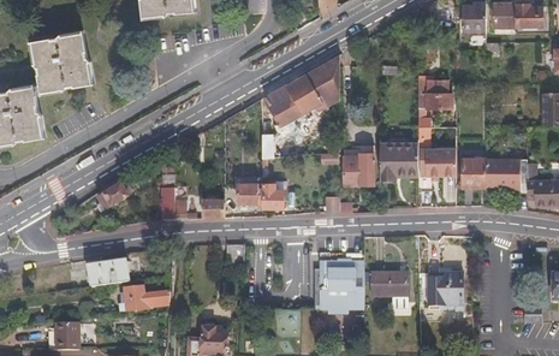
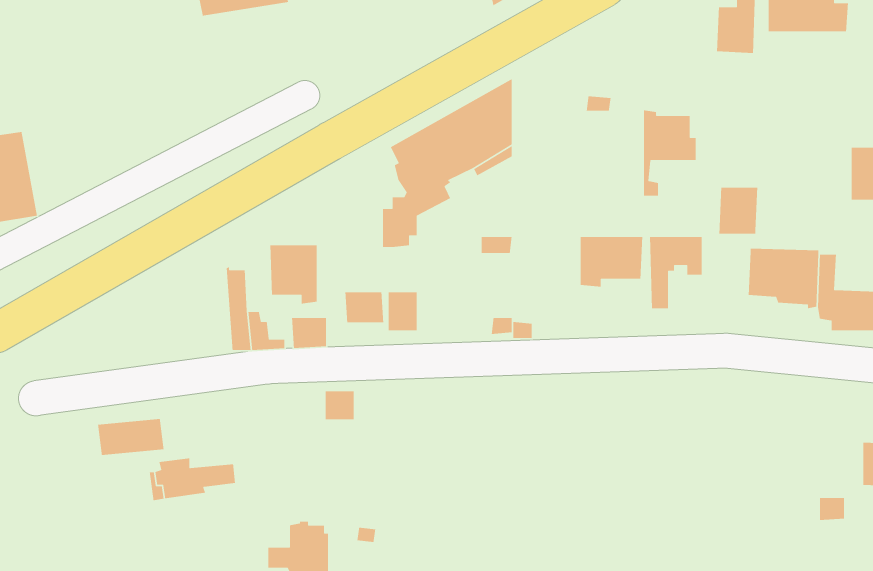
building: [37,31,97,90] -> none
building: [341,144,373,185] -> none
building: none -> [270,244,317,305]
building: [458,159,482,188] -> [719,187,758,234]
building: [94,178,126,212] -> none
building: [317,257,362,309] -> none
building: [426,268,460,301] -> none
building: [369,272,405,296] -> none
building: [55,316,82,345] -> none

